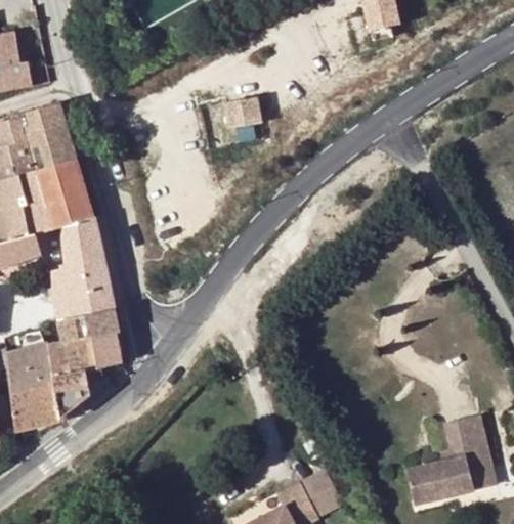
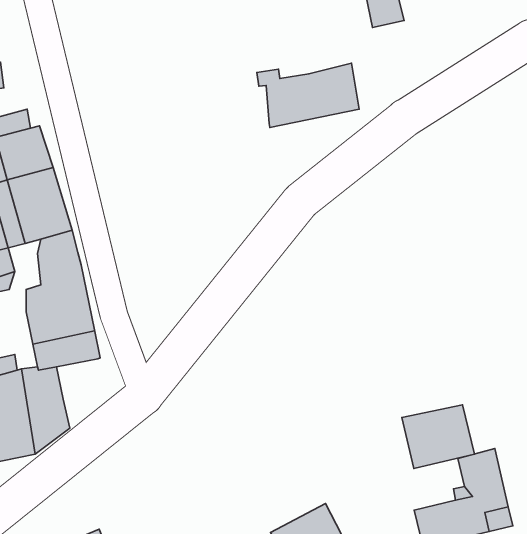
building: none -> [257,63,359,128]
building: [225,96,260,127] -> none
building: [79,334,122,370] -> none
building: none -> [402,405,475,468]

